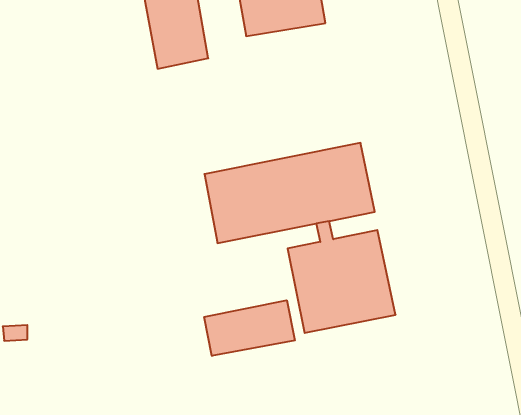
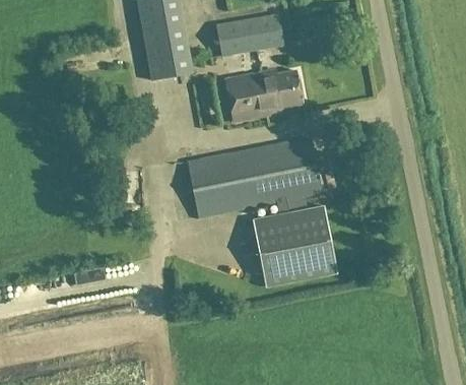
building: none -> [224,69,301,120]
building: [204,300,295,356] -> none

